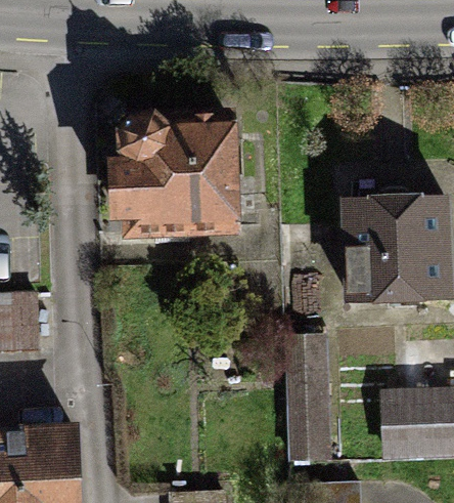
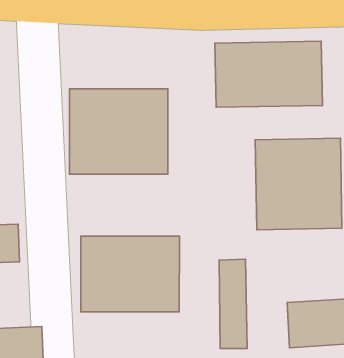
building: none -> [215,41,322,107]
building: none -> [81,236,179,312]

